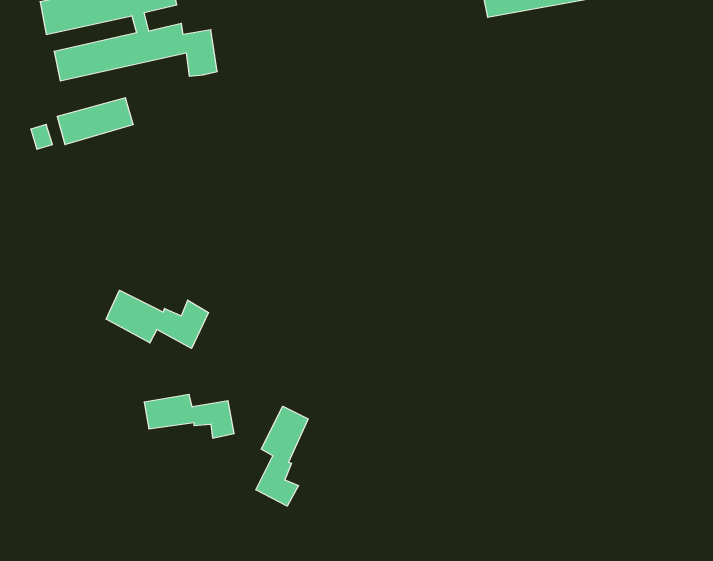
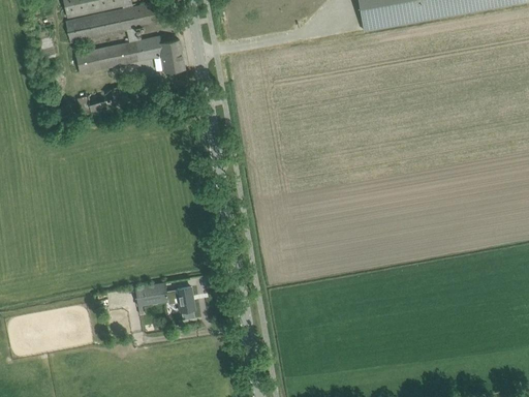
building: [106,290,208,348] -> none
building: [256,406,308,506] -> none

